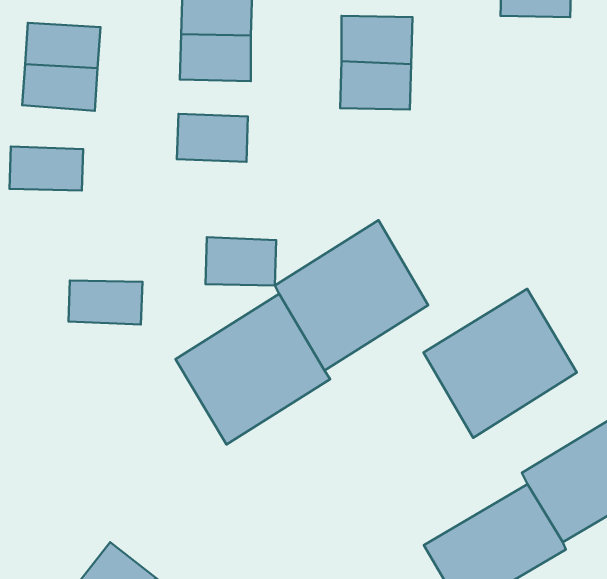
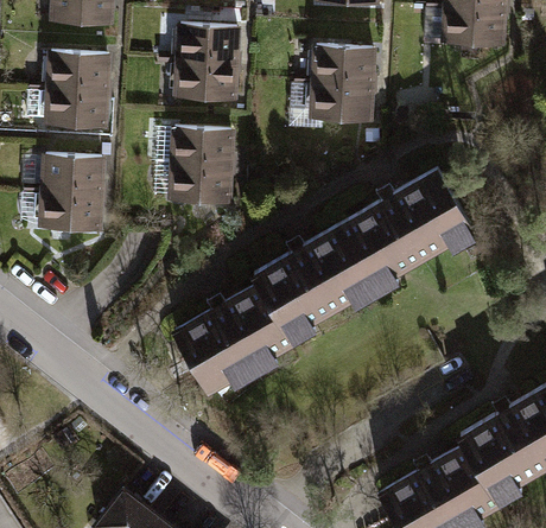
building: [205,237,276,285] -> [174,166,234,206]
building: [69,281,142,325] -> [34,191,96,228]
building: [424,289,577,438] -> [344,164,472,288]

